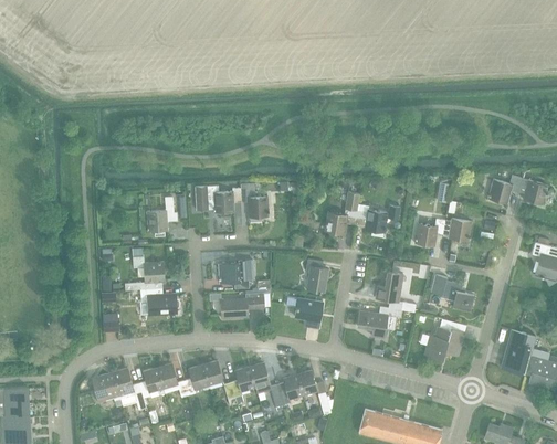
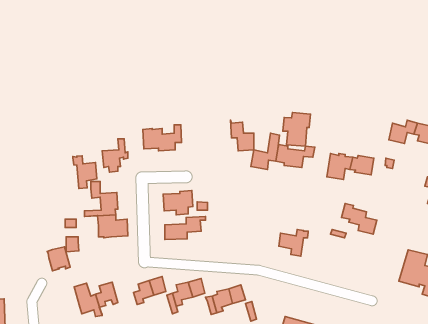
building: none -> [283,113,310,146]
building: [239,180,266,216] -> [231,120,254,151]
building: none -> [73,156,97,189]
building: [304,258,327,292] -> none
building: [374,271,401,309] -> none
building: [285,296,322,327] -> none
building: [422,318,464,359] -> none
building: [157,364,187,397] -> none
building: [91,373,118,402] -> [47,247,70,271]

